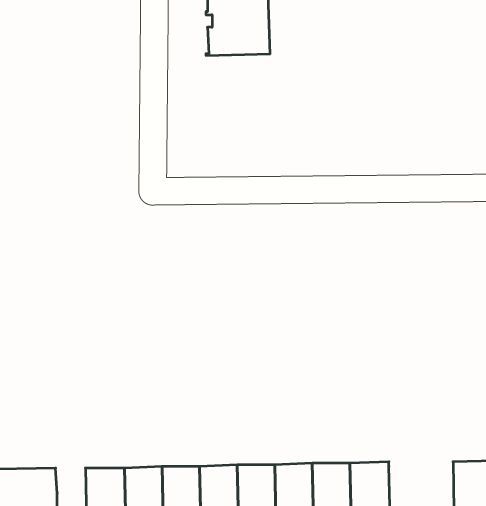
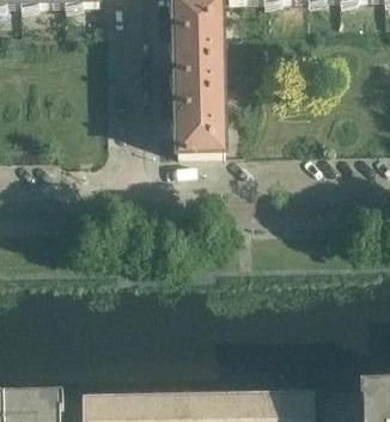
building: none -> [173,73,224,152]

